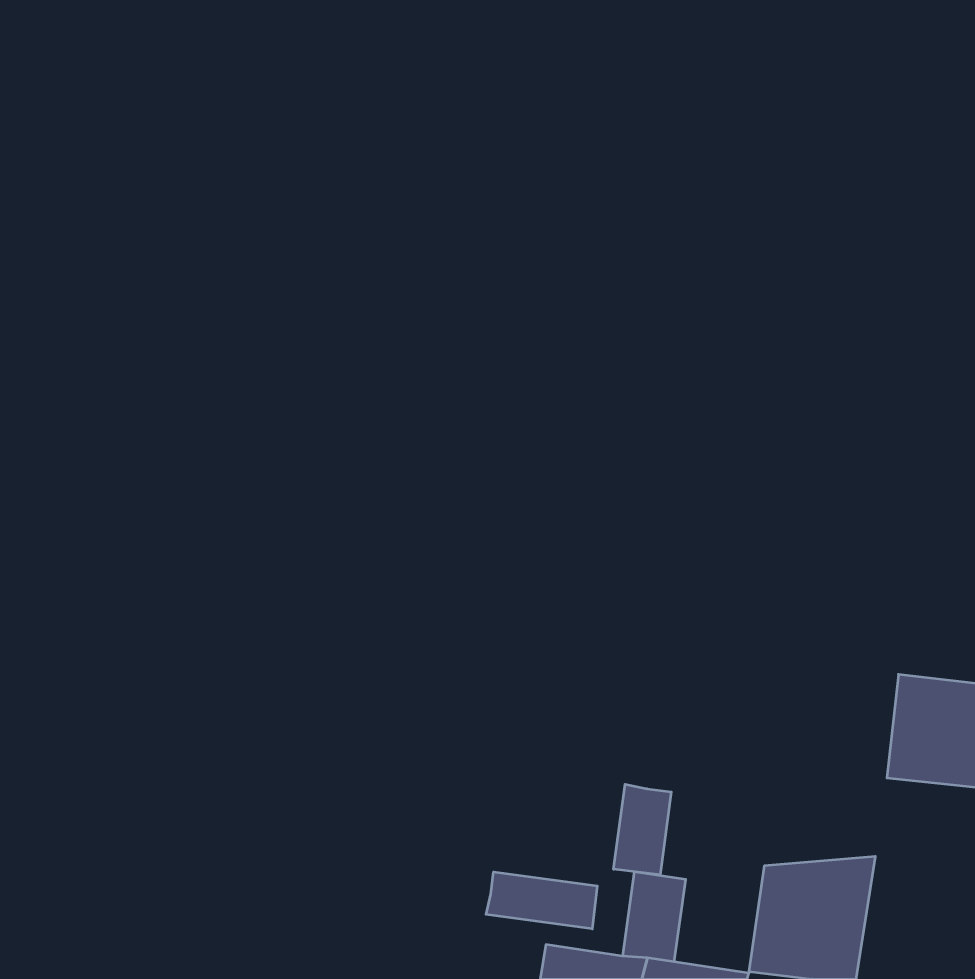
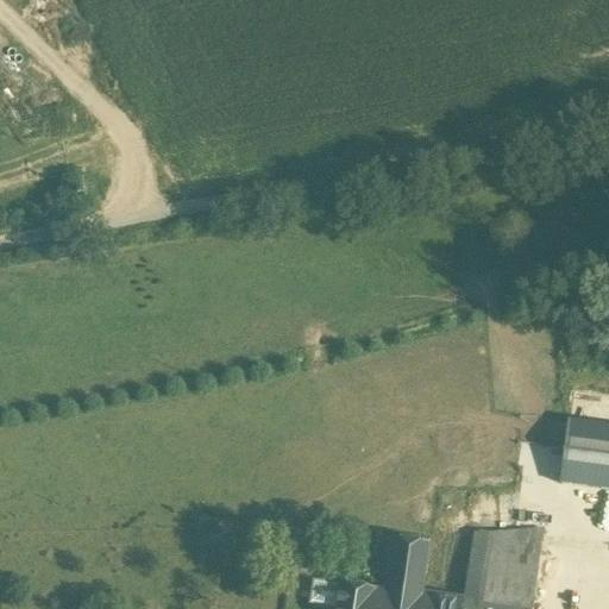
building: [614,784,671,875] -> none
building: [486,872,597,929] -> none

